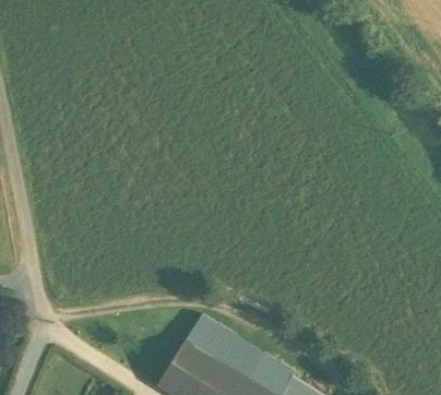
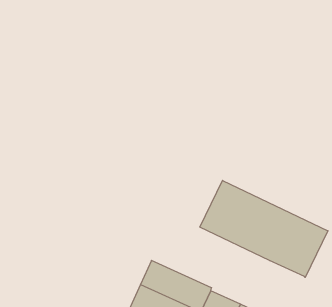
building: none -> [200,180,328,277]

